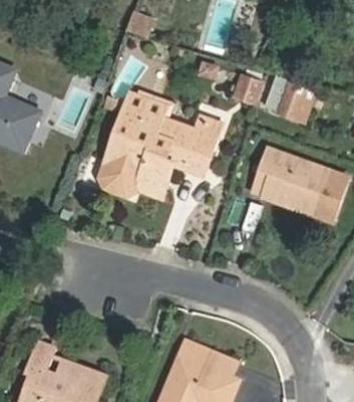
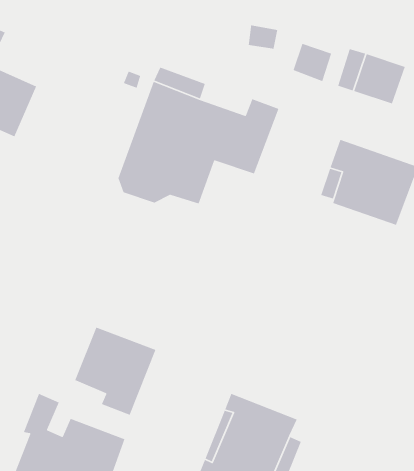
building: none -> [74,327,157,416]

